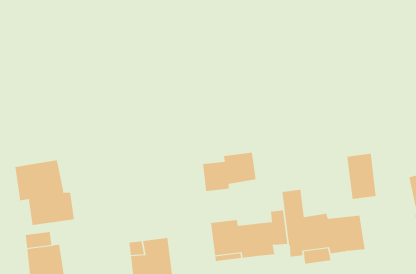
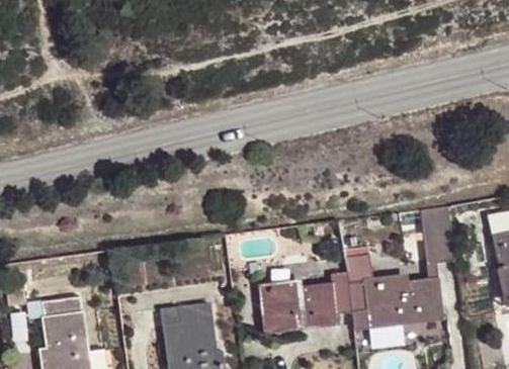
building: [203,152,256,192] -> none
building: [15,159,75,226] -> none

